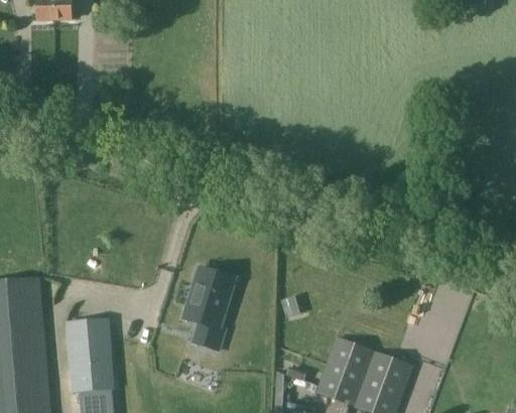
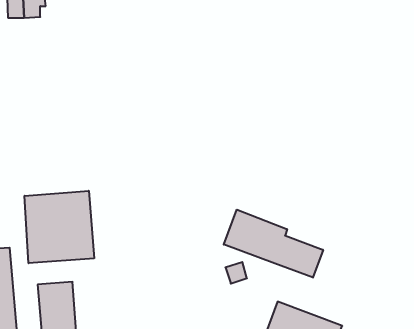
building: none -> [25,191,94,263]
building: none -> [224,210,323,278]
building: [183,272,234,353] -> none

